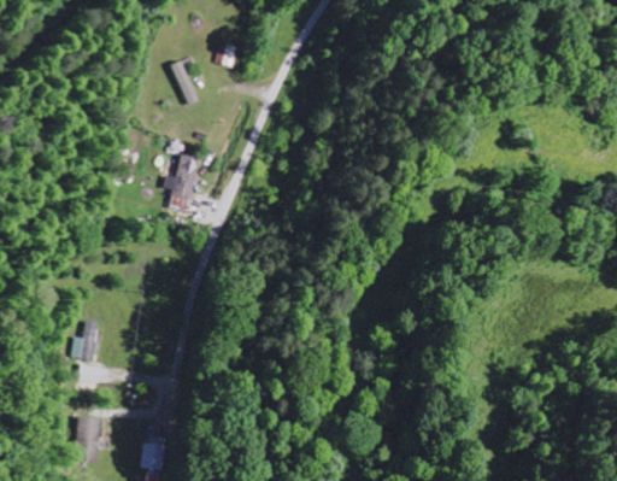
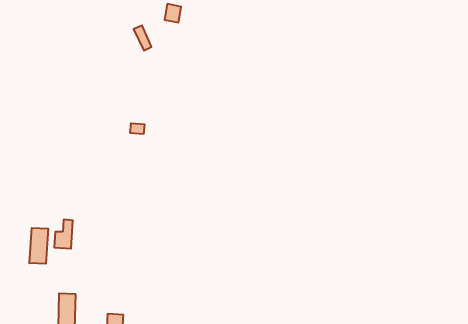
building: [164,154,199,195] -> none
building: none -> [29,228,48,264]

